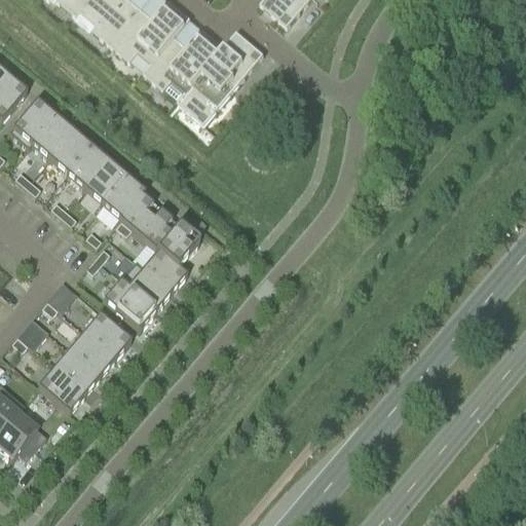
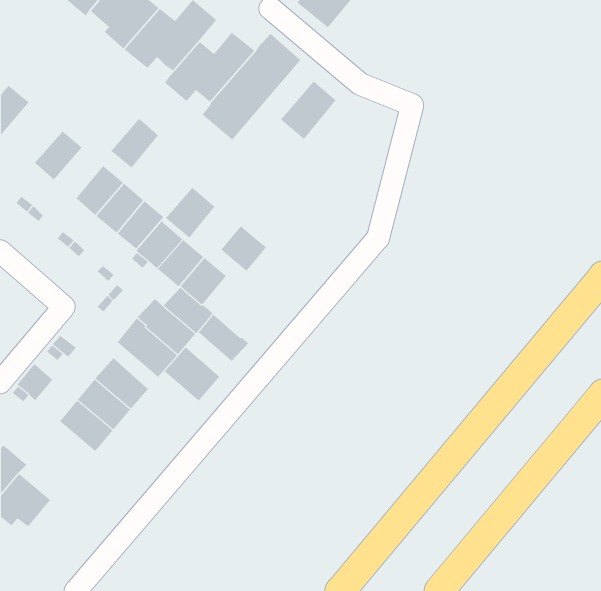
building: none -> [280,81,337,140]
building: [9,98,57,146] -> none
building: [49,128,91,173] -> [111,118,159,169]
building: none -> [165,187,216,239]
building: none -> [221,226,267,272]
building: none -> [198,314,249,362]
building: none -> [164,347,220,401]
building: [38,367,85,412] -> none

